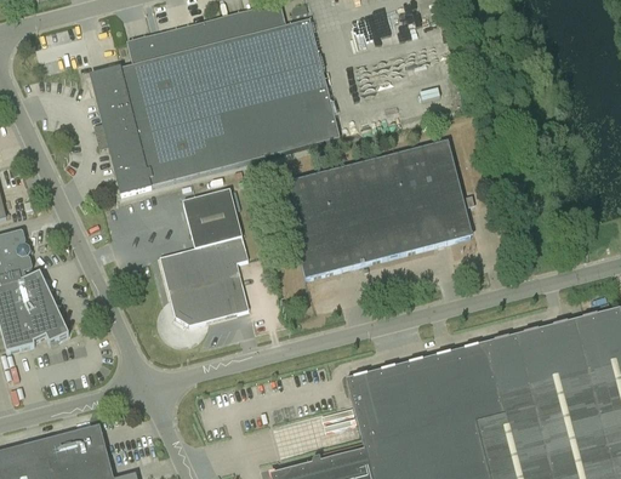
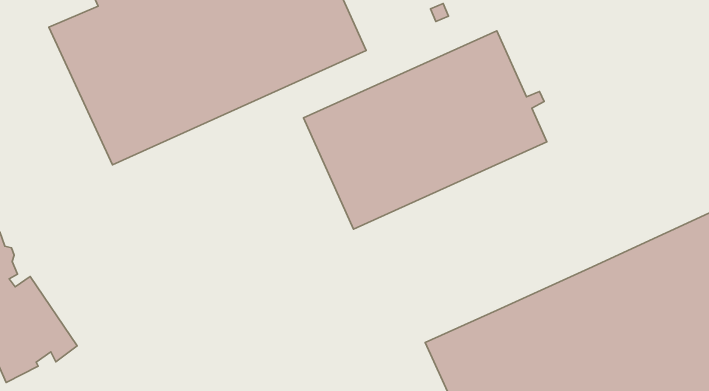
building: [159,188,249,324] -> none

